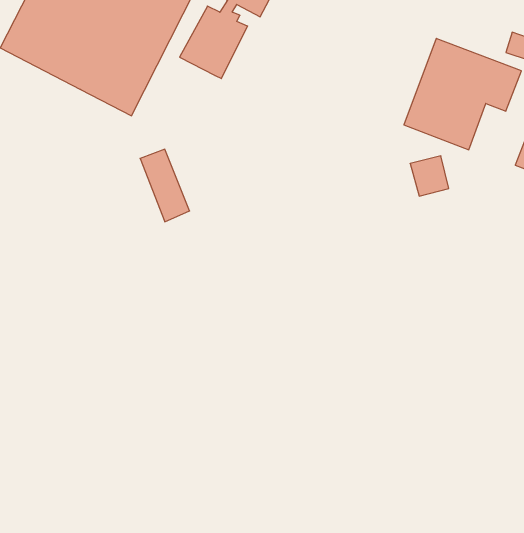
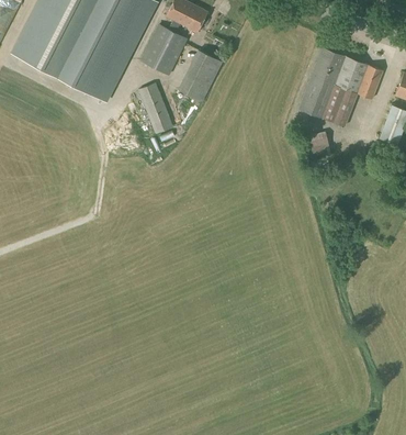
building: none -> [177,49,223,102]
building: [140,149,190,222] -> [137,82,172,134]

